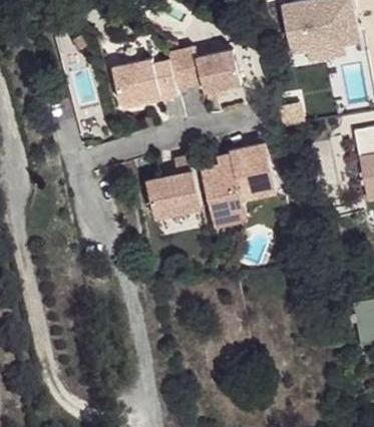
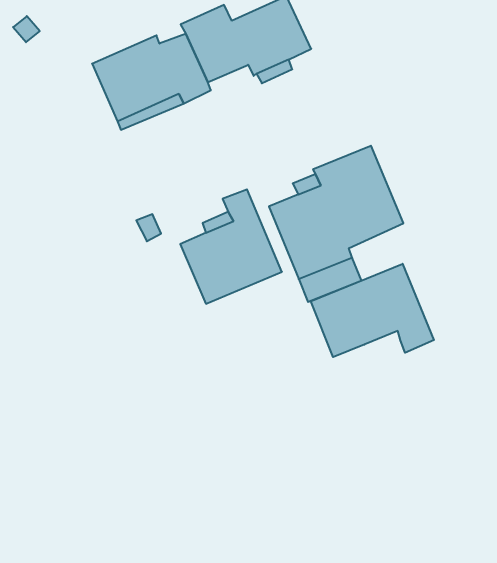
building: none -> [311,264,434,357]

